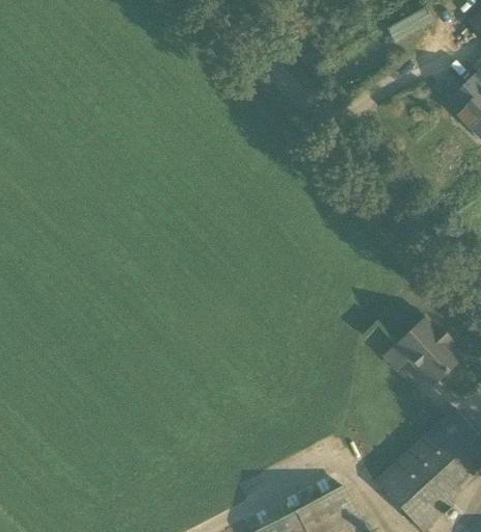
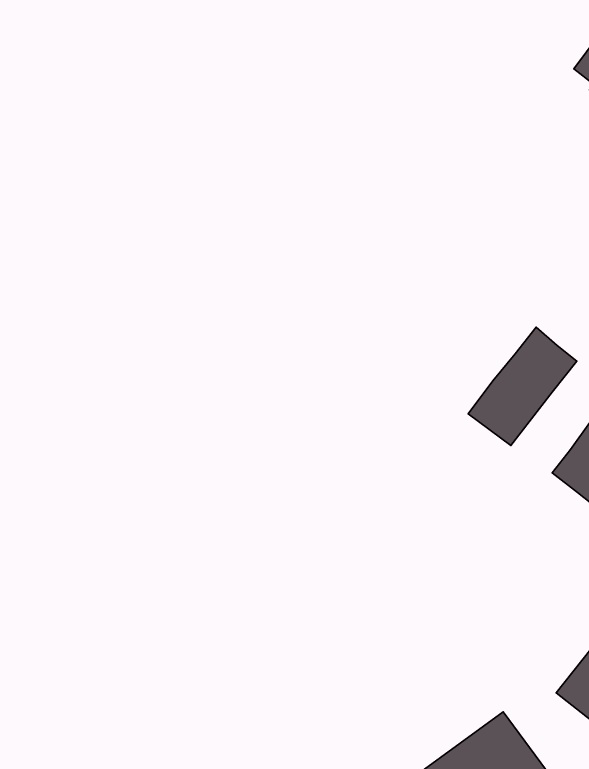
building: none -> [468,327,577,446]

